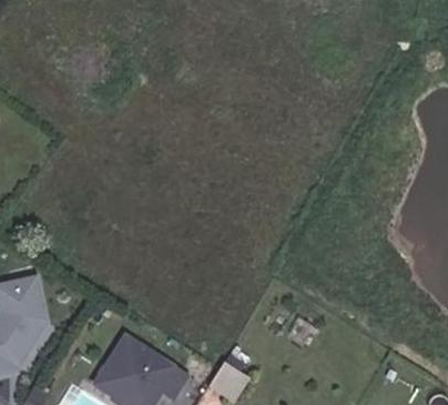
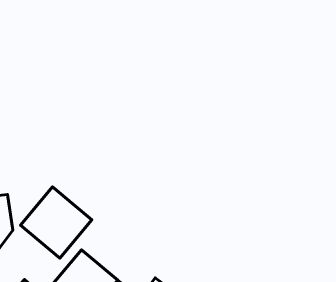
building: none -> [20,187,92,258]

